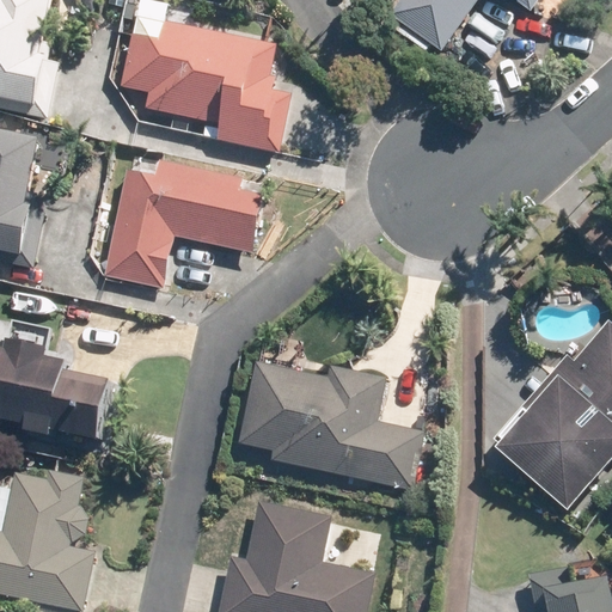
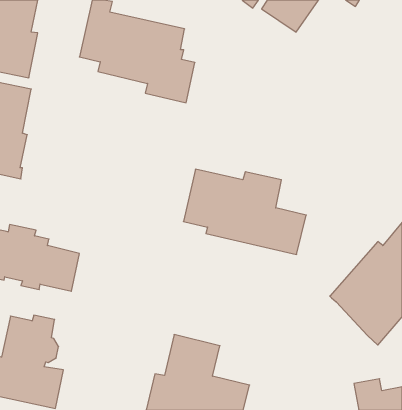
building: [102,158,265,284] -> none
building: [238,362,421,489] -> [183,169,306,254]

